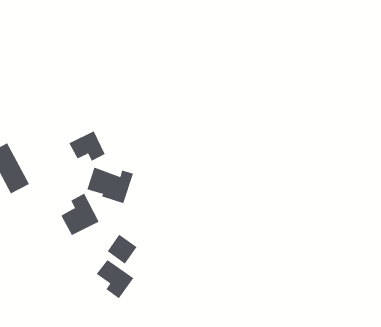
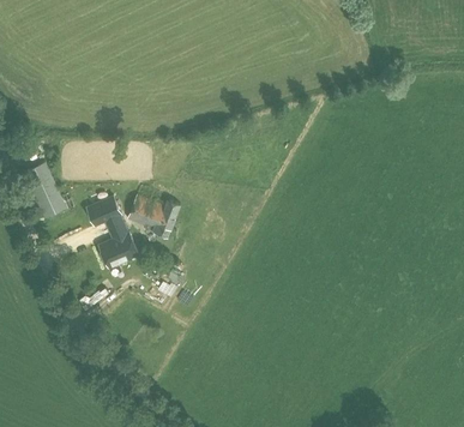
building: [68,131,105,162] -> [84,194,123,228]
building: [96,259,134,299] -> none

